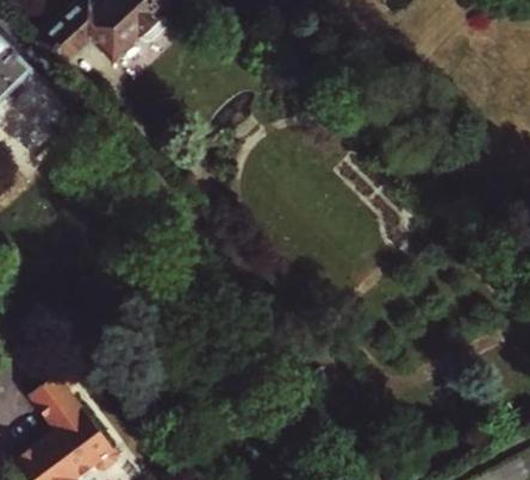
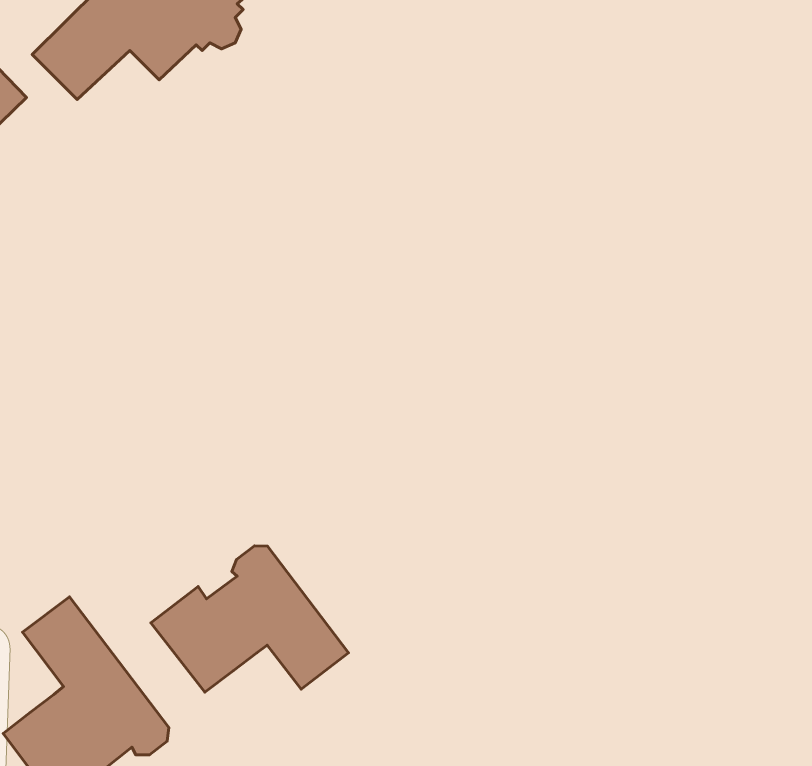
building: none -> [151,546,349,692]

